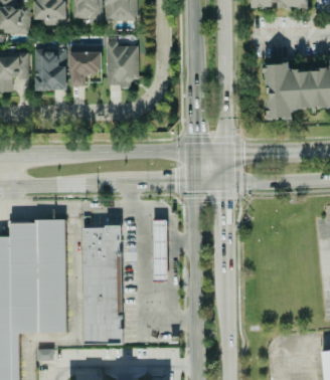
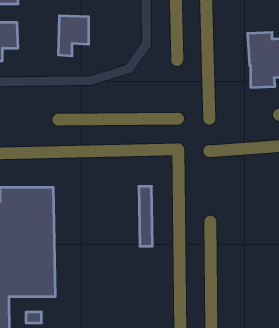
building: [105,40,138,85] -> none
building: [34,48,64,90] -> none
building: [82,226,119,343] -> none

